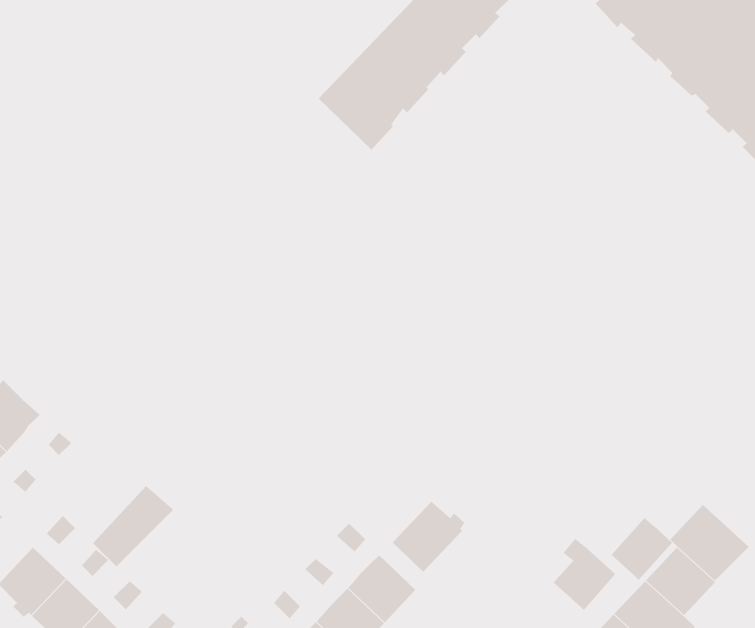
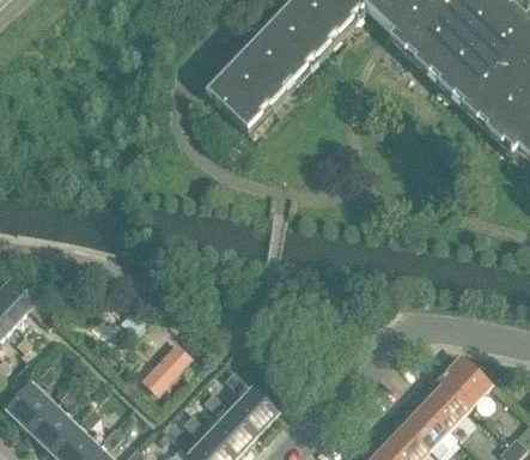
building: [92,485,174,567] -> [140,339,193,392]
building: [392,501,465,573] -> none
building: [611,517,673,580] -> none
building: [553,538,616,611] -> none

